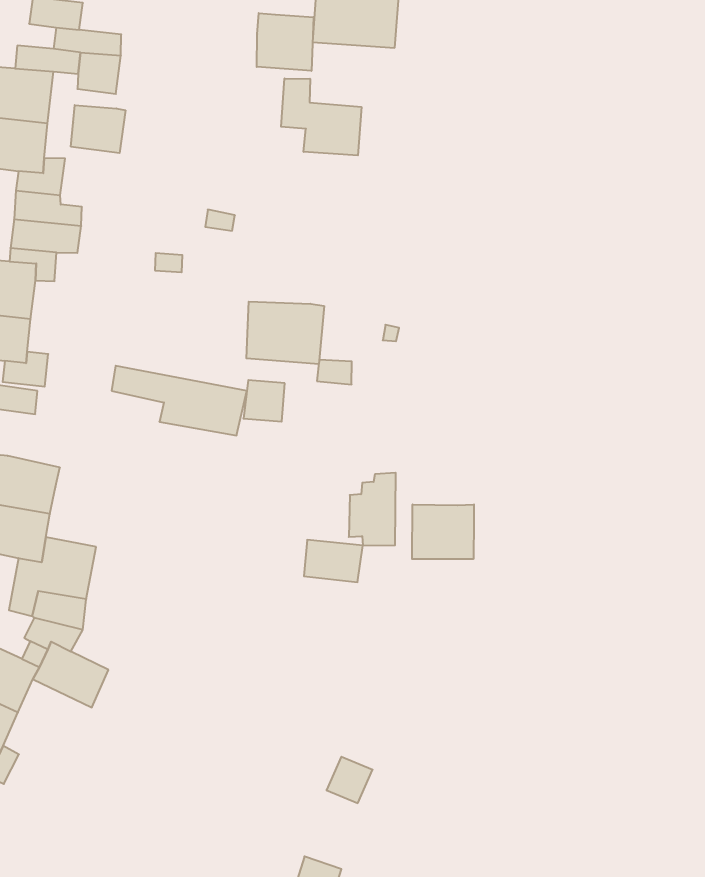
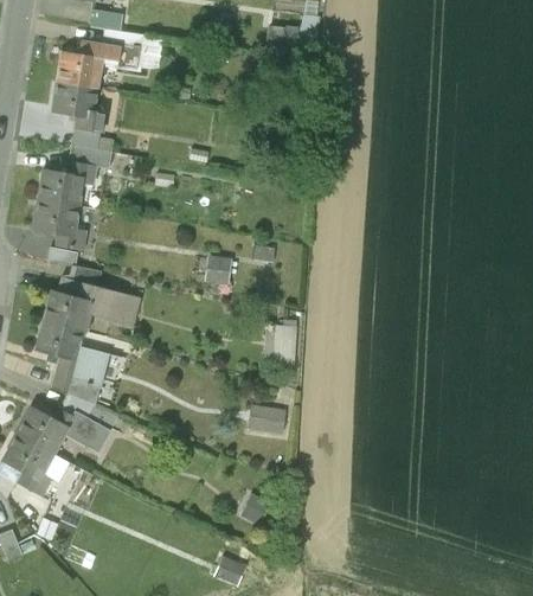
building: [257,13,313,71] -> none
building: [281,78,361,155] -> none
building: [71,105,125,153] -> none
building: [246,302,324,364] -> none
building: [112,366,247,435] -> [57,277,141,326]
building: [412,504,474,559] -> none
building: [304,540,363,582] -> [249,405,287,434]

